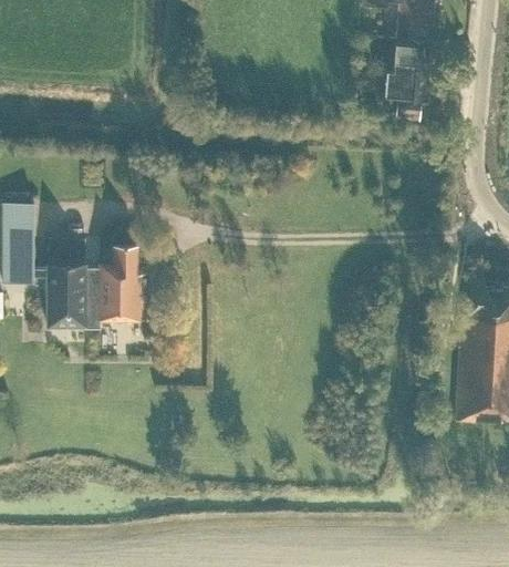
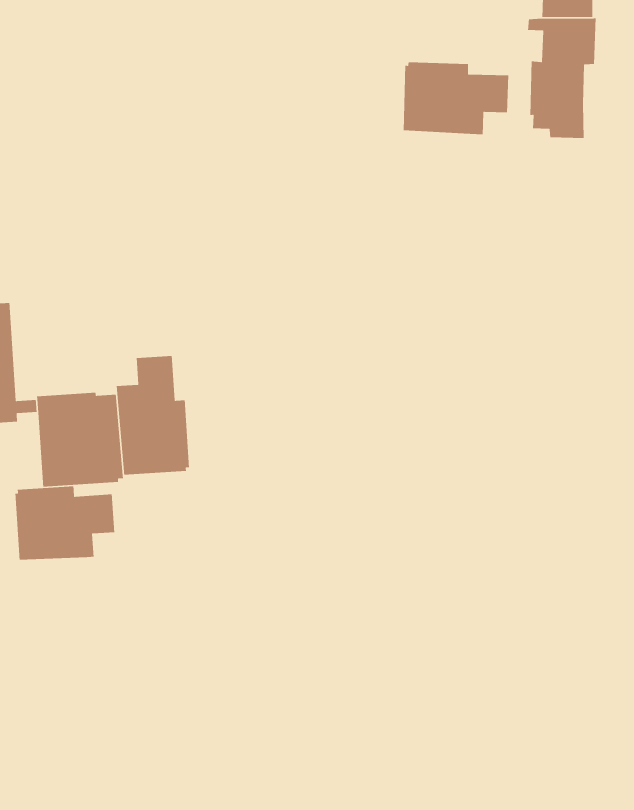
building: none -> [403,62,509,135]
building: none -> [14,485,115,561]

